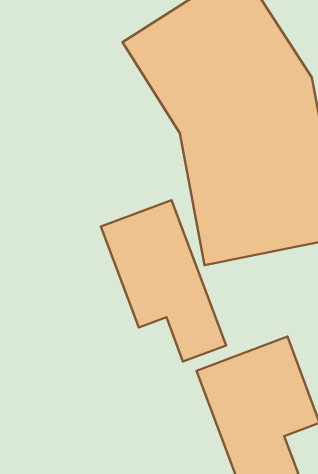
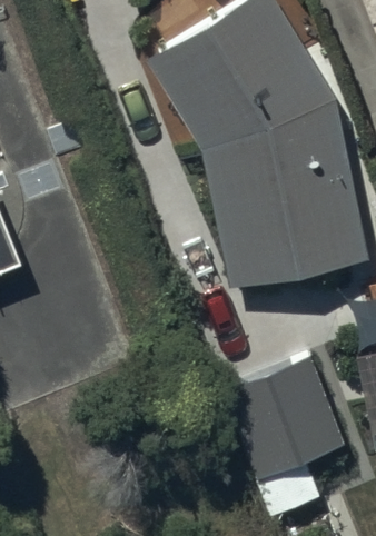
building: [101,200,226,362] -> none

